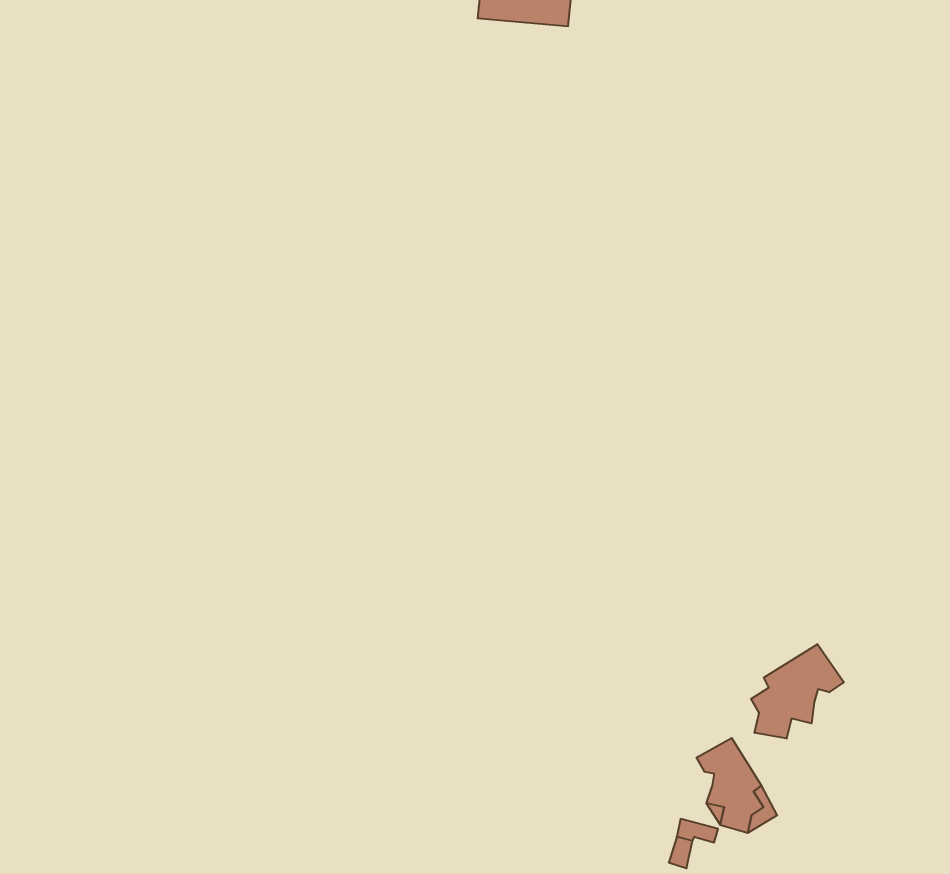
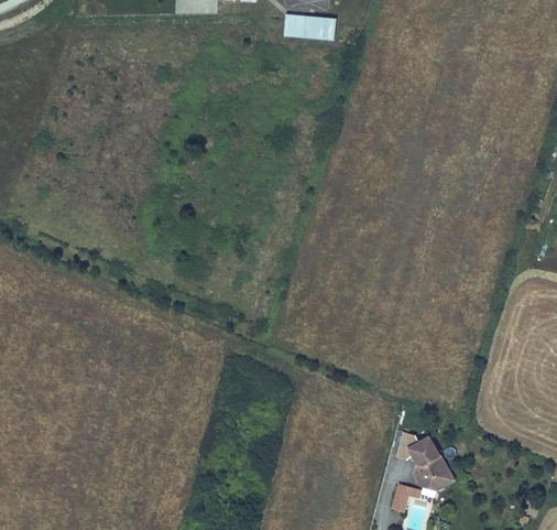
building: [751,644,844,739] -> none

